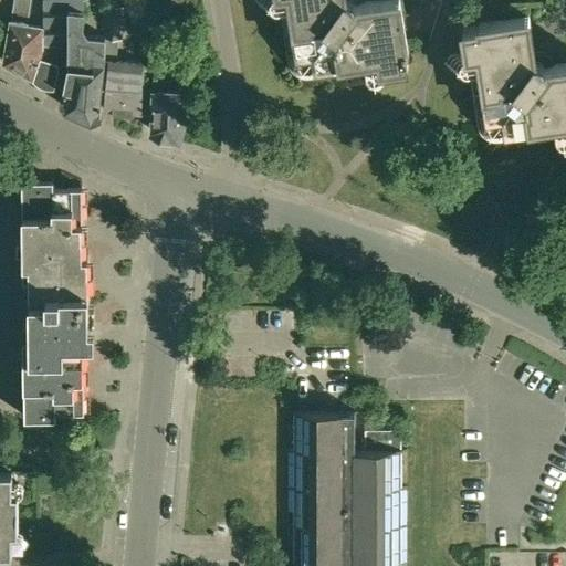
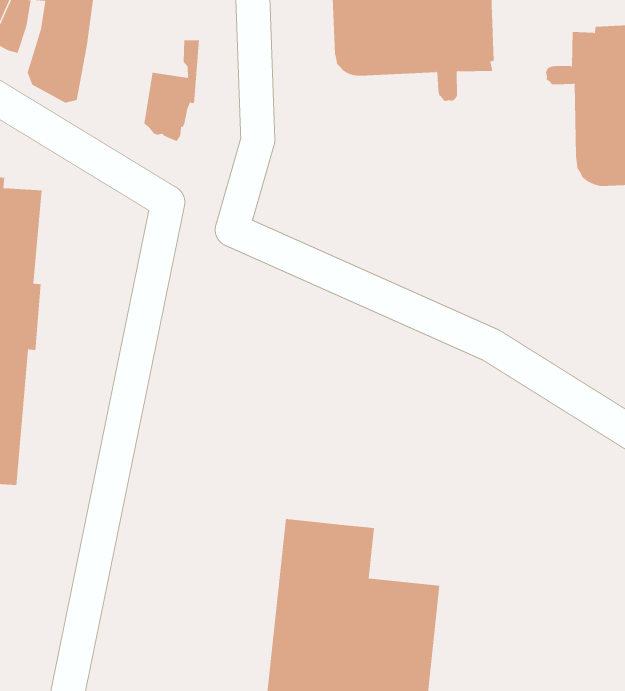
building: [105,63,143,115] -> none

